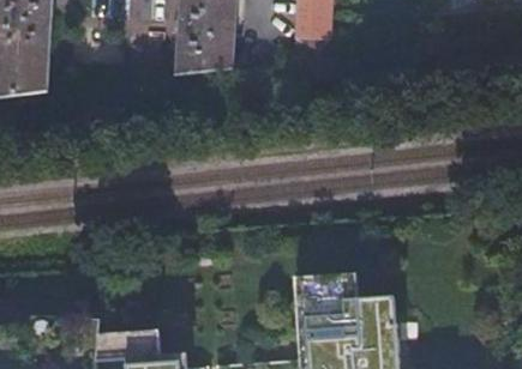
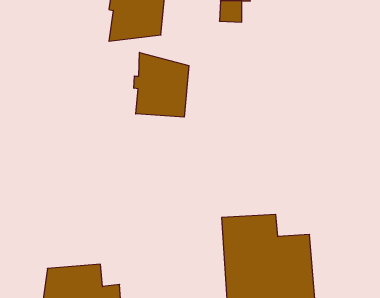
building: none -> [134,52,189,117]

